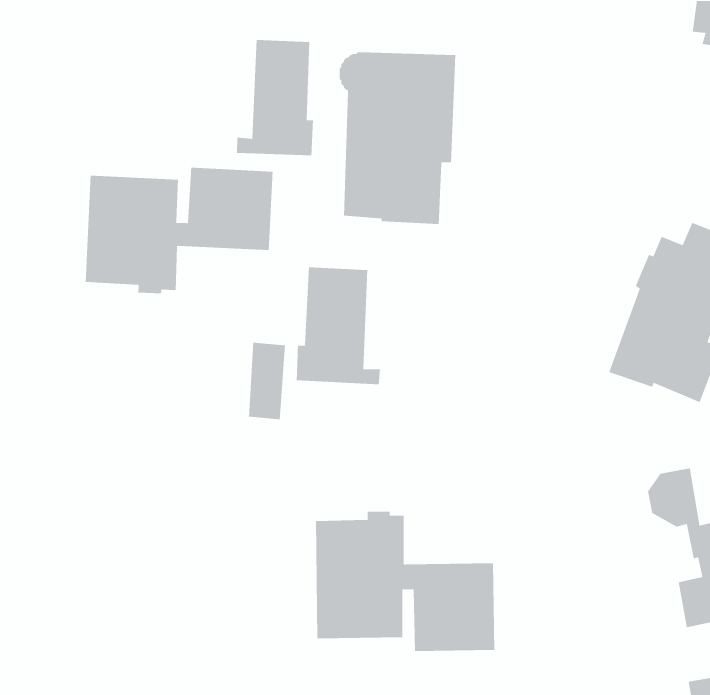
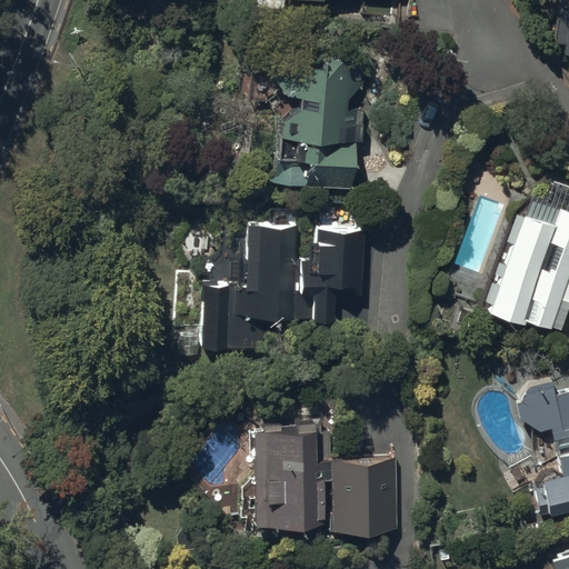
building: [236,39,314,156] -> none
building: [85,167,274,294] -> none
building: none -> [300,231,366,322]

